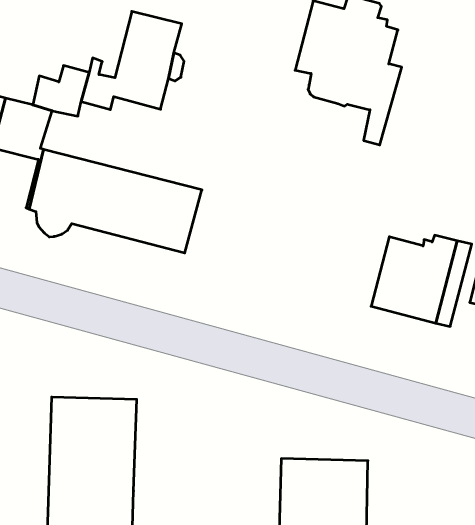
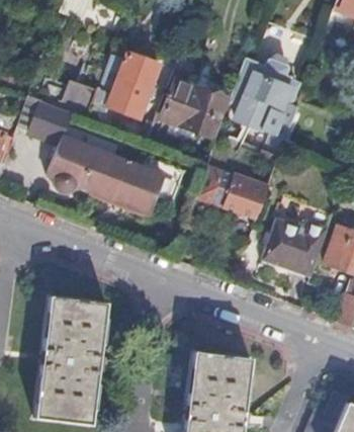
building: none -> [163,80,230,137]
building: none -> [196,163,268,212]

